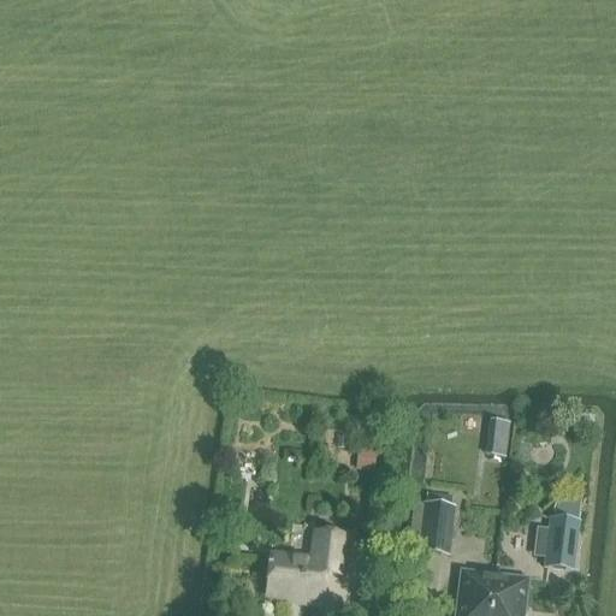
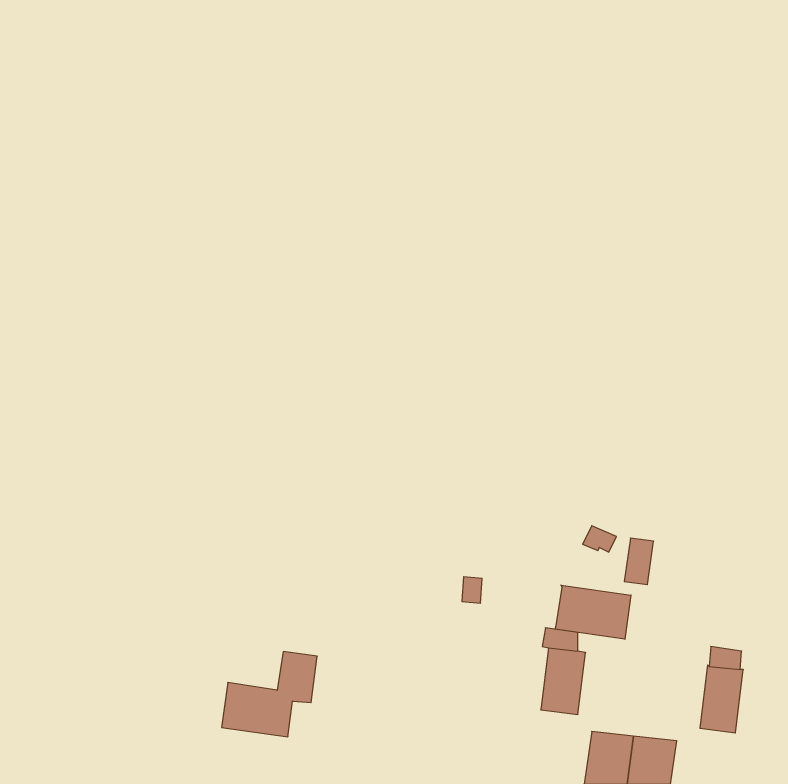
building: none -> [555,585,631,639]
building: [270,532,344,598] -> [222,652,317,737]

